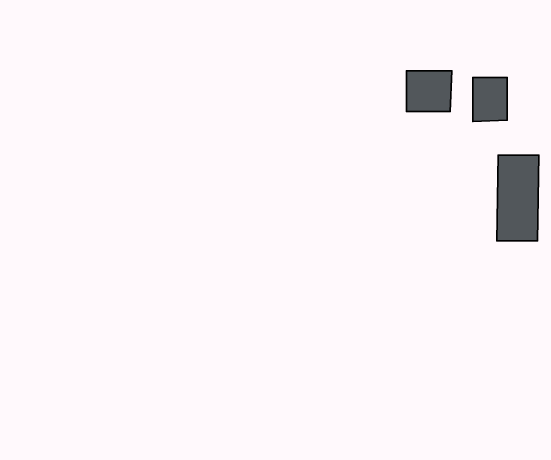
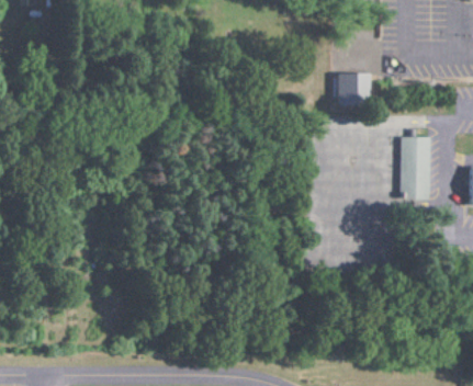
building: [473,78,507,122] -> none

